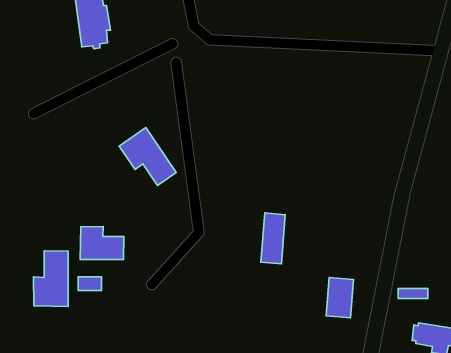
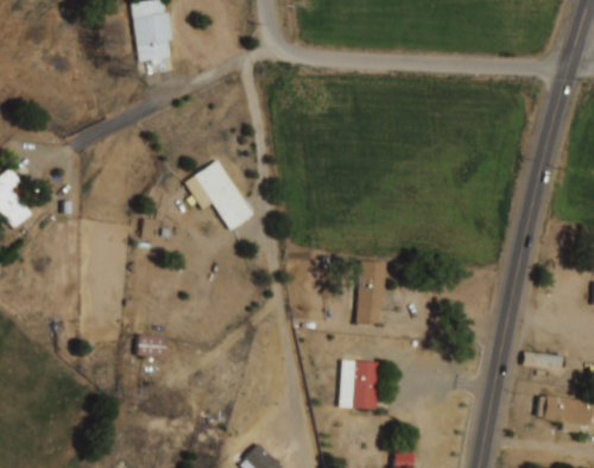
building: [80,227,124,259] -> none
building: [34,251,68,306] -> none
building: [326,278,354,318] -> [346,360,379,409]

